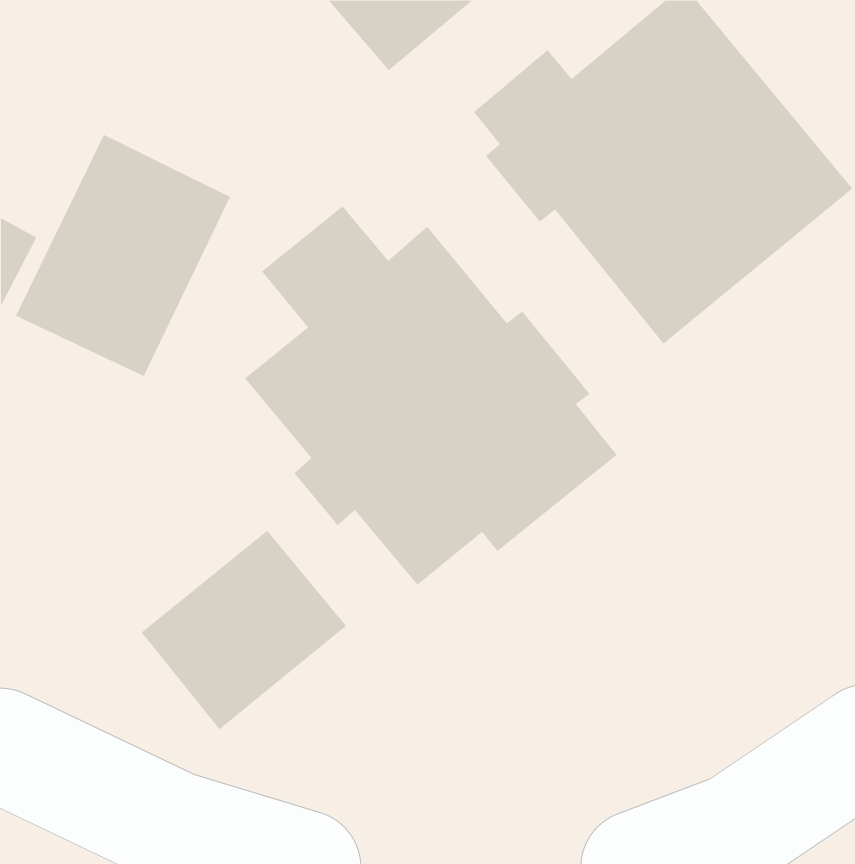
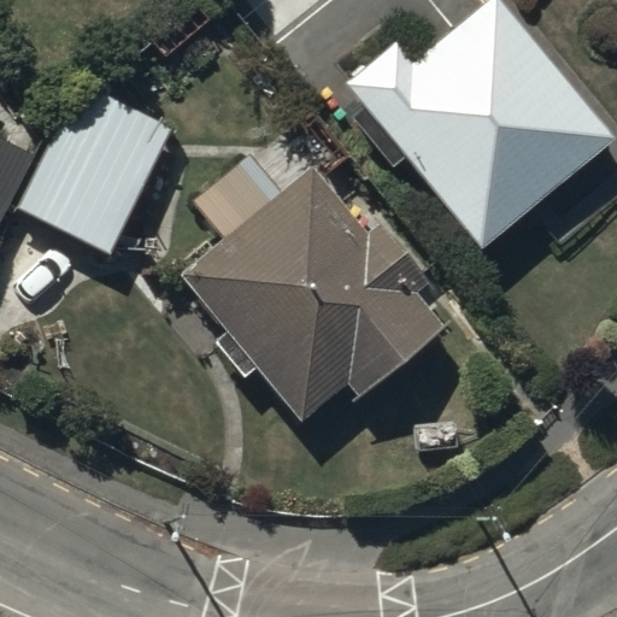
building: [141,530,347,730] -> none

